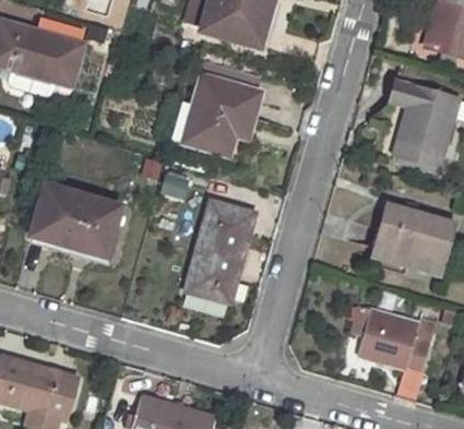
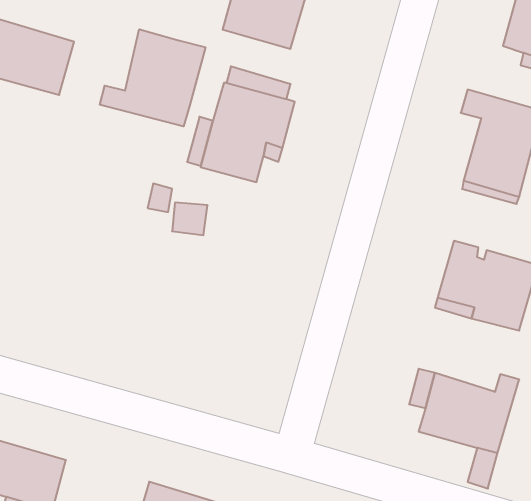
building: none -> [100,29,205,126]
building: [32,186,118,255] -> none
building: [188,202,254,301] -> none

